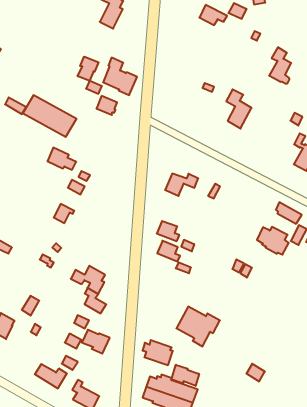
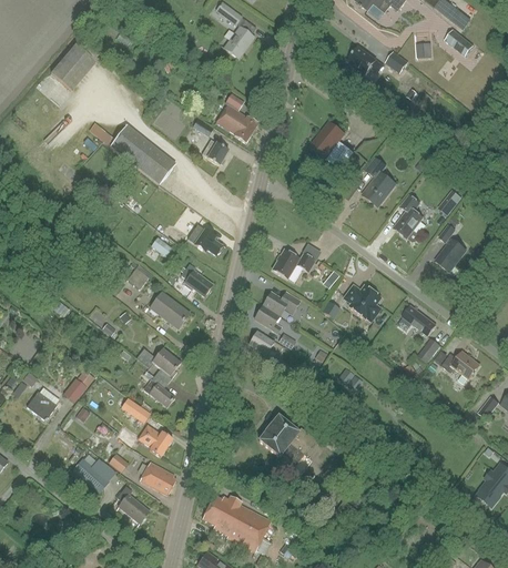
building: [269,47,291,84] -> [393,194,423,241]
building: [78,57,99,81] -> none
building: none -> [309,120,344,158]
building: [47,148,76,170] -> [187,223,223,254]
building: none -> [181,262,212,295]
building: none -> [261,292,301,315]
building: none -> [150,291,189,326]
building: [257,227,289,255] -> [343,284,382,322]
building: [142,340,173,365] -> [139,460,176,495]
building: [172,365,199,386] -> none

